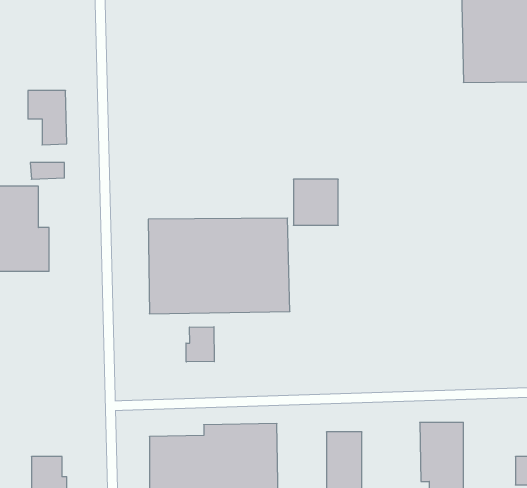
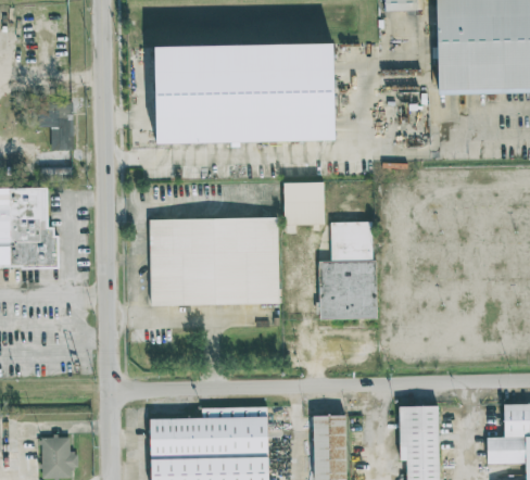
building: none -> [162,47,338,147]
building: none -> [320,223,375,318]
building: [186,327,214,362] -> none

